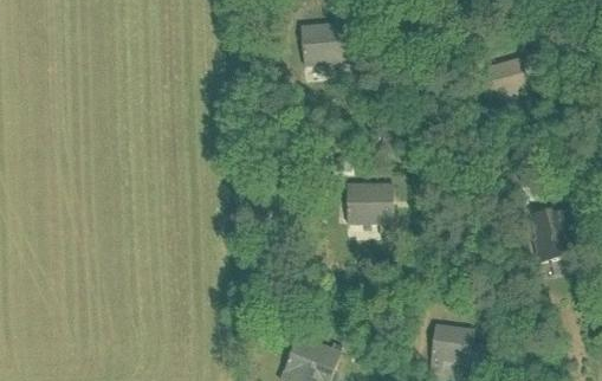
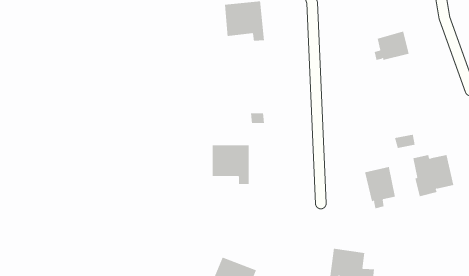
building: [347,182,393,231] -> [212,145,250,184]
building: none -> [365,166,396,209]

